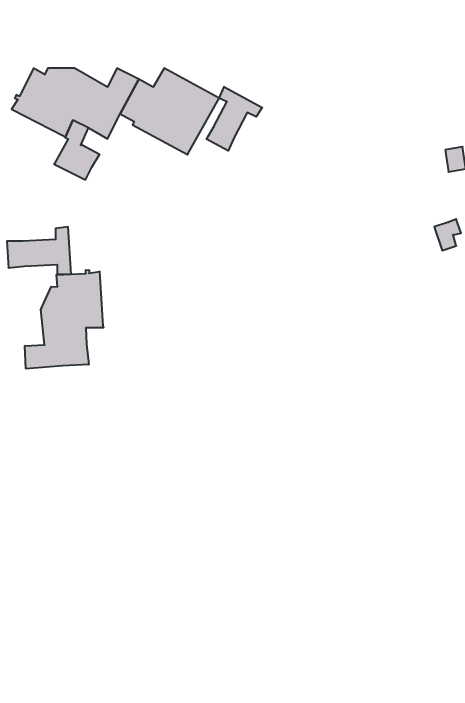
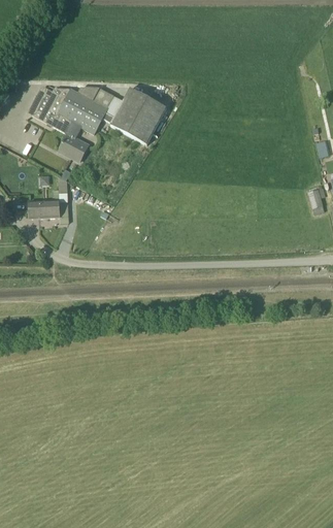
building: [207,87,262,151] -> none
building: [25,270,103,369] -> none

